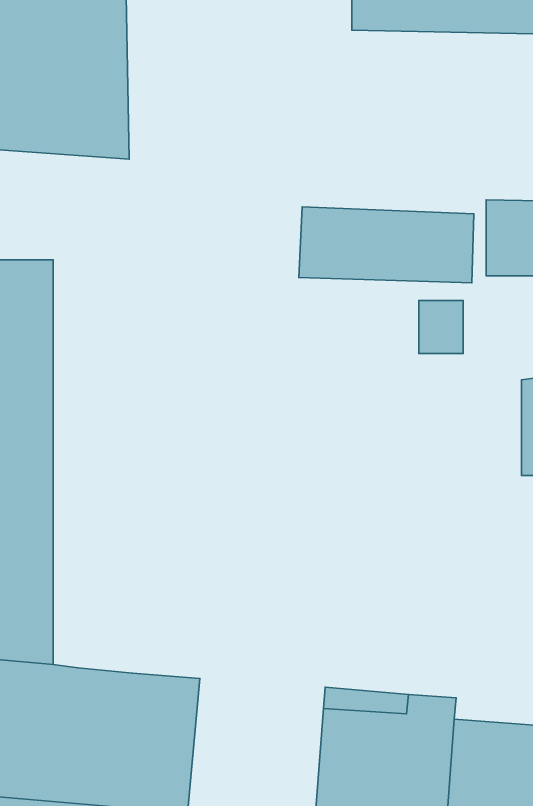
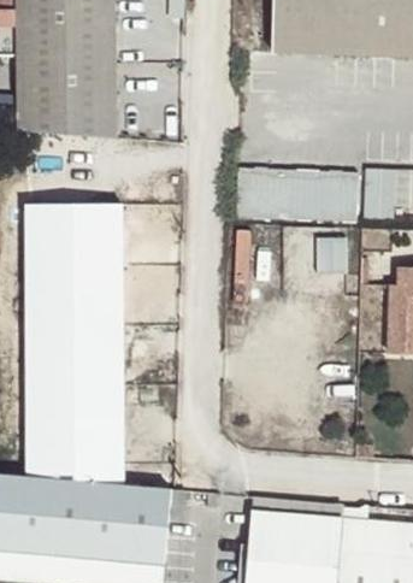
building: none -> [69,204,123,487]

